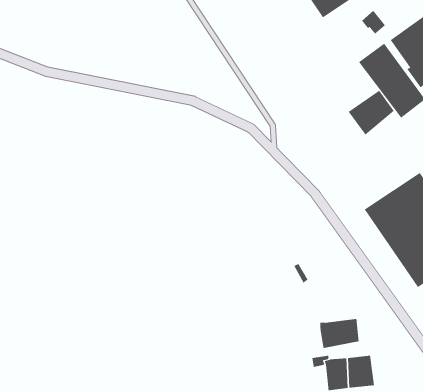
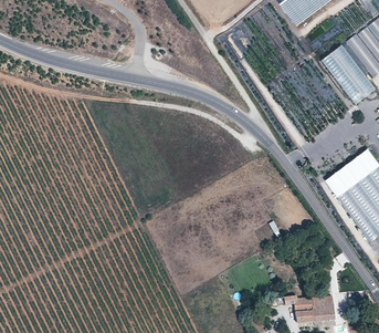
building: [348,90,395,135] -> none
building: [320,318,359,349] -> none

